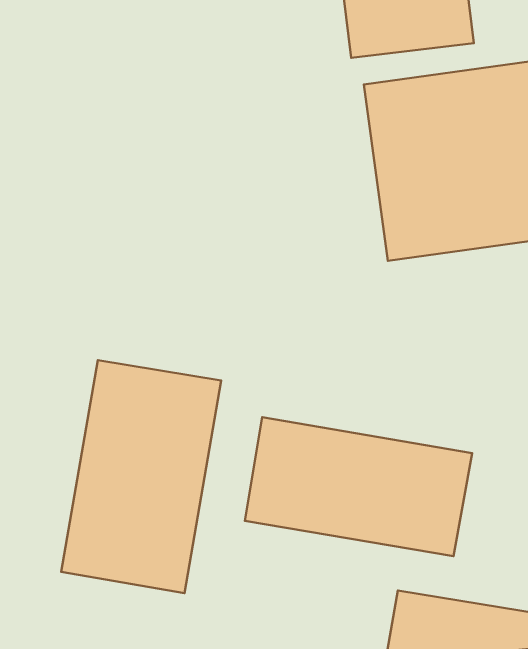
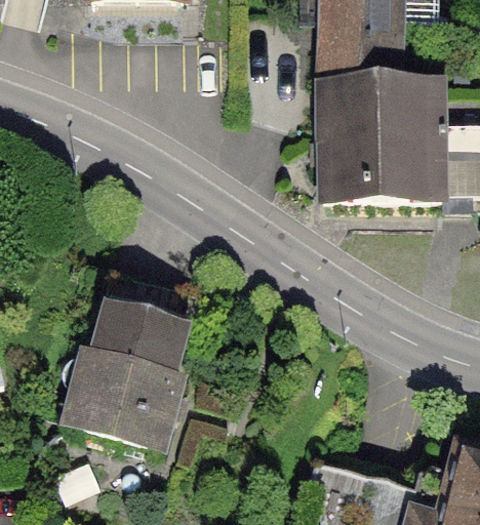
building: [245,417,472,556] -> none

